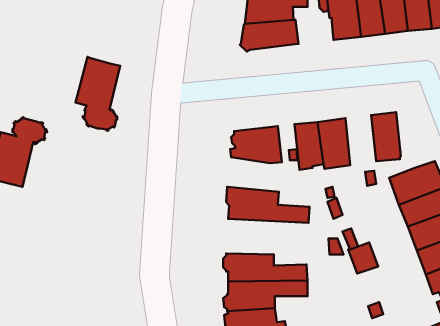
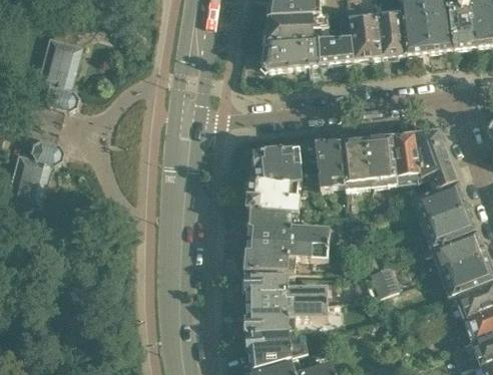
building: none -> [316,36,354,62]
building: [76,57,120,130] -> [37,34,82,108]
building: none -> [417,129,456,188]
building: none -> [366,134,397,184]
building: none -> [244,176,300,212]
building: none -> [242,239,329,270]

